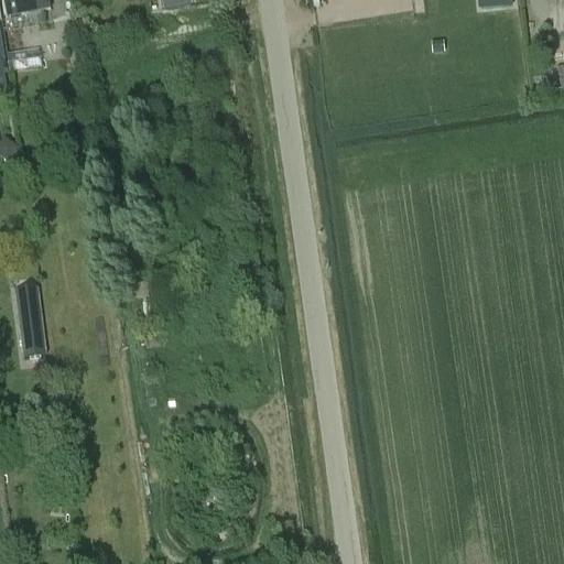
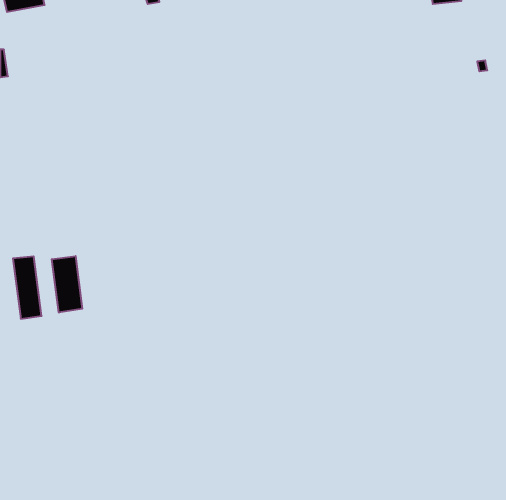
building: none -> [52,256,82,313]

